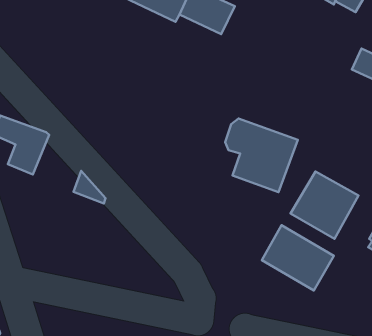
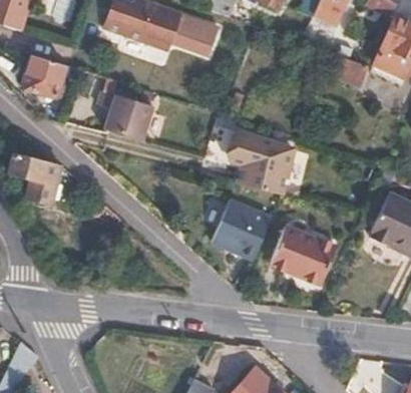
building: none -> [24,56,67,98]
building: none -> [96,91,152,141]
building: [291,172,359,239] -> [211,198,272,258]

